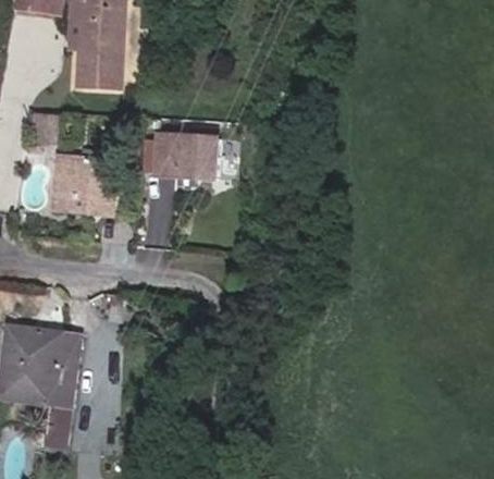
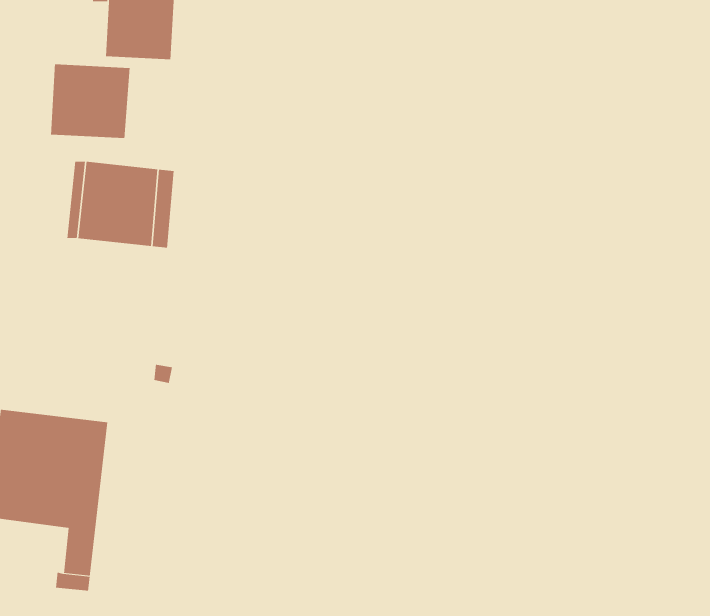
building: none -> [51,64,130,139]
building: [156,135,219,179] -> none

